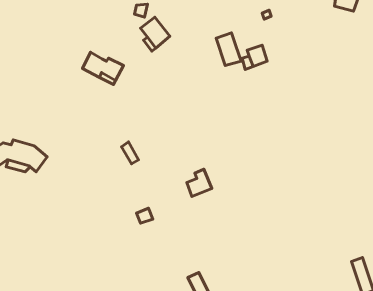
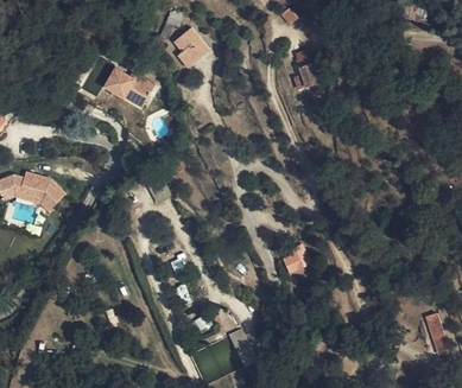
building: [216,33,241,65] -> none
building: [187,169,212,196] -> [280,242,310,274]

